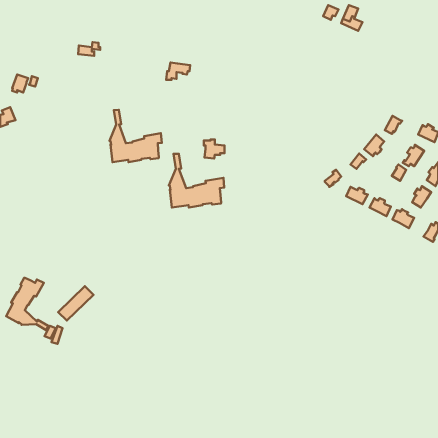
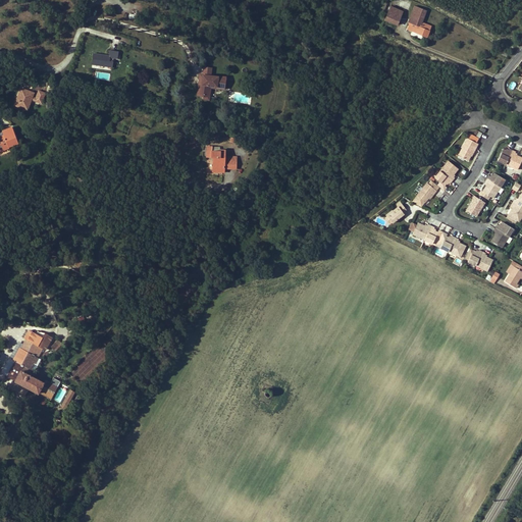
building: [110,110,162,162] -> none
building: [204,139,224,158] -> [211,150,236,172]
building: [169,154,224,208] -> none

